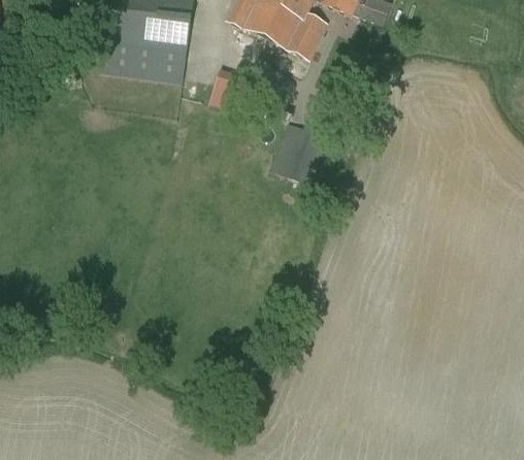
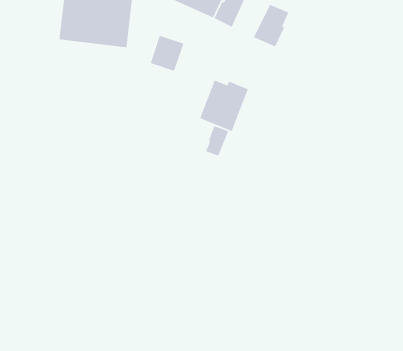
building: none -> [253,4,289,48]
building: none -> [205,125,229,156]

